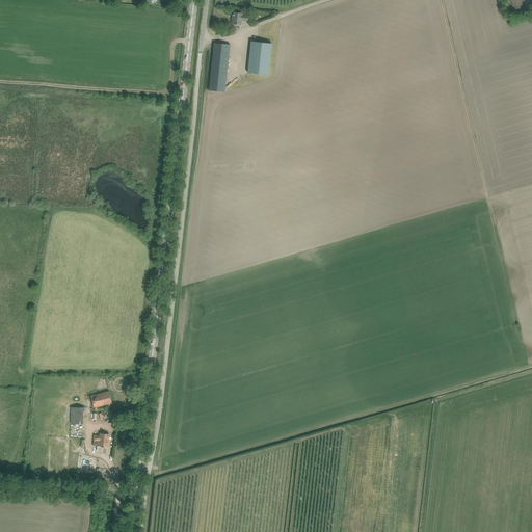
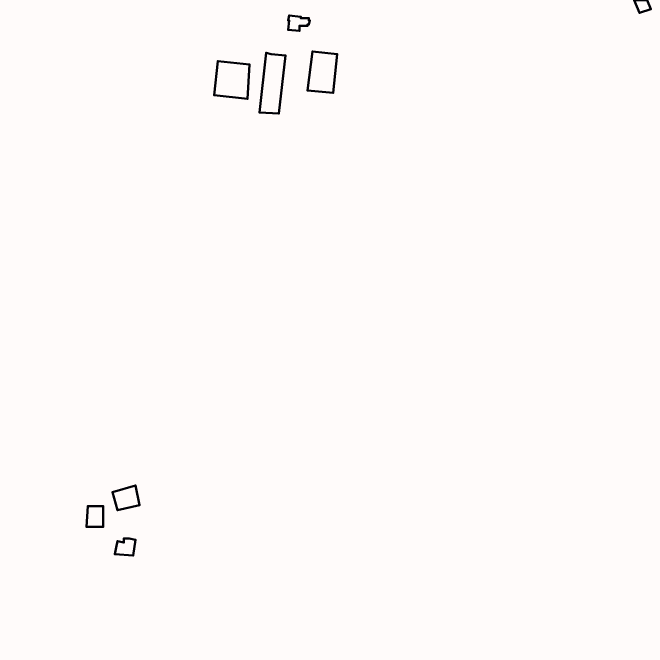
building: none -> [214,61,250,99]

